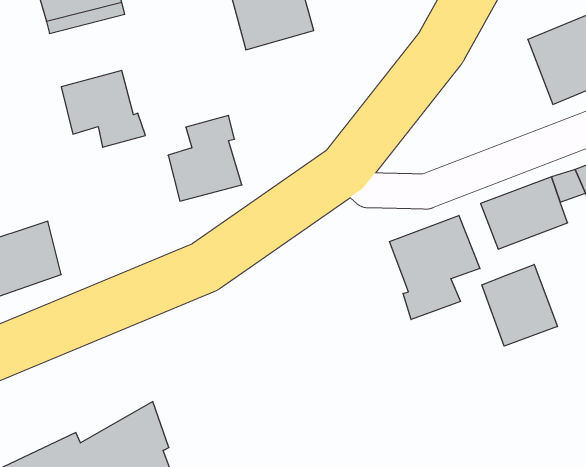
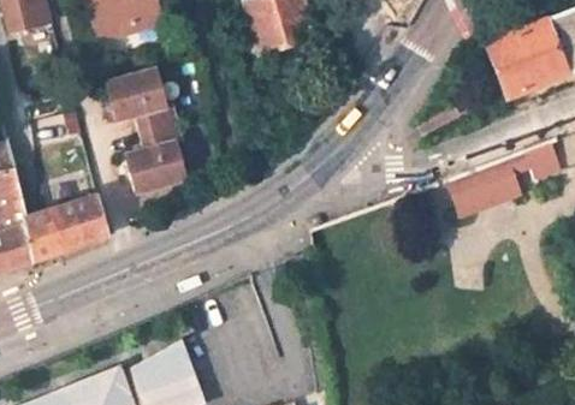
building: [168,115,242,201] -> [125,123,185,192]
building: [390,215,480,320] -> none
building: [482,264,557,346] -> none

